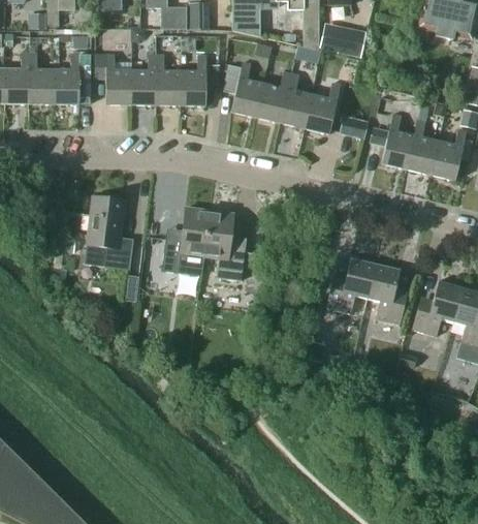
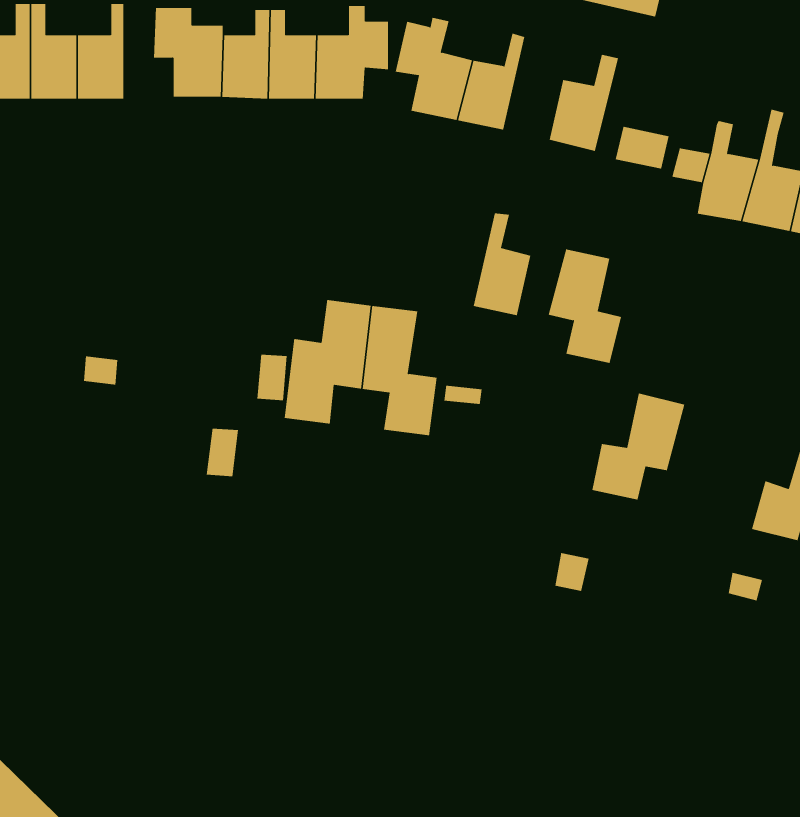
building: [280,68,311,123] -> [473,213,531,316]
building: [85,195,133,270] -> none
building: [367,264,406,325] -> [548,249,622,364]

